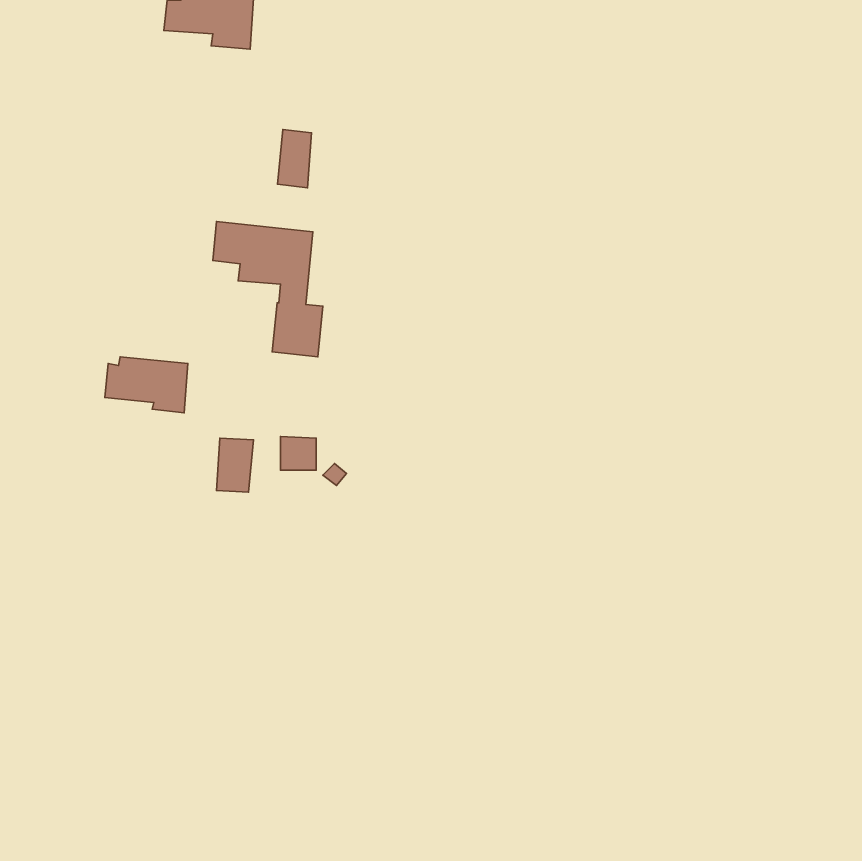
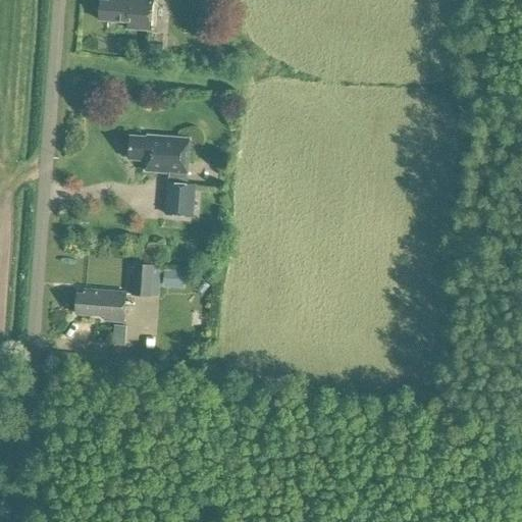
building: [277,130,311,188] -> none
building: [105,357,188,413] -> [74,288,124,321]

